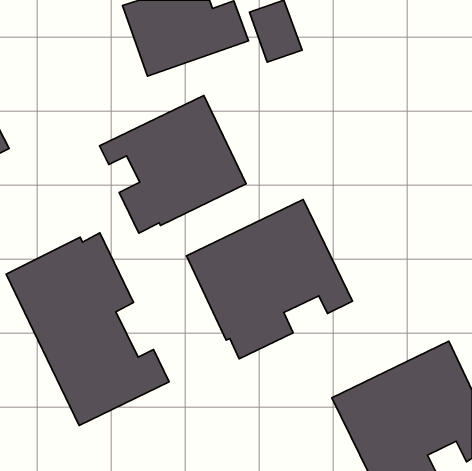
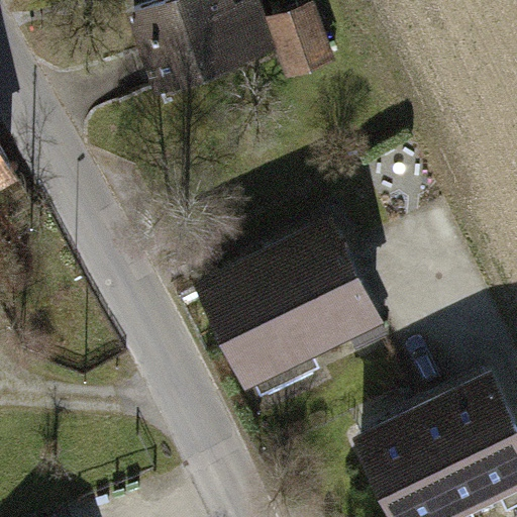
building: [100,95,246,233] -> none
building: [6,233,169,425] -> none

